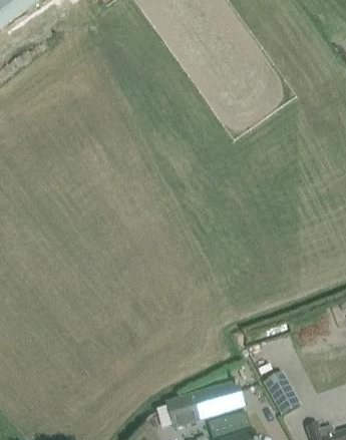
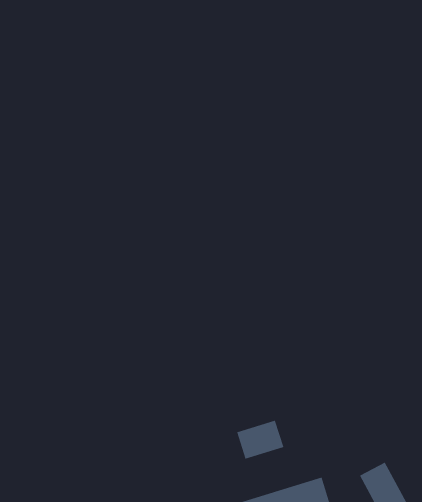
building: none -> [236,420,284,459]

